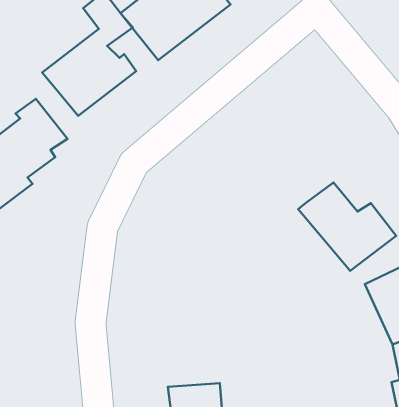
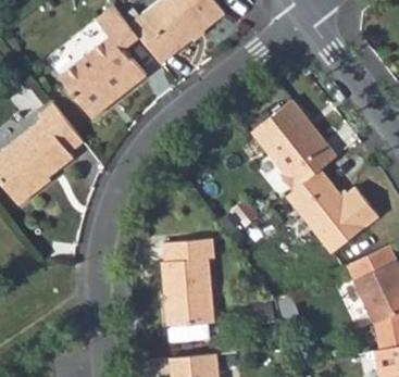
building: none -> [252,101,337,192]
building: none -> [160,239,219,326]

